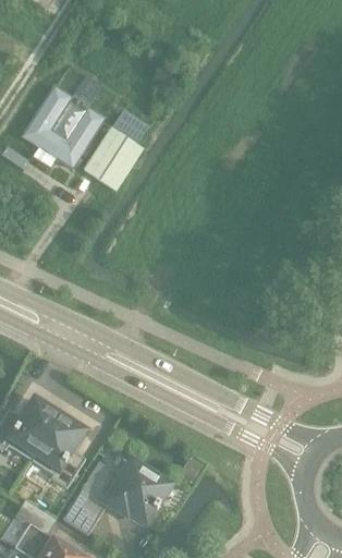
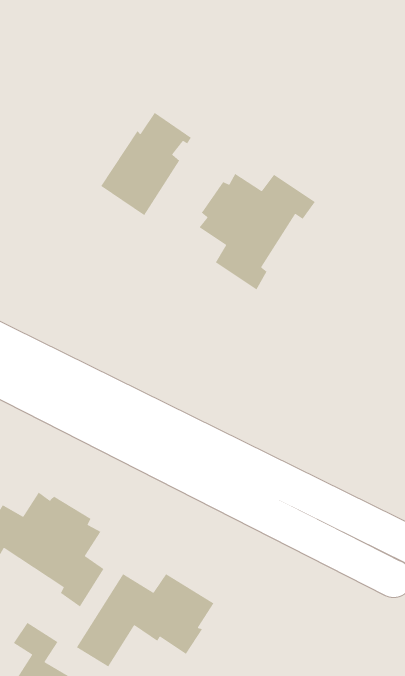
building: [23,85,107,168] -> none
building: none -> [198,173,316,290]

